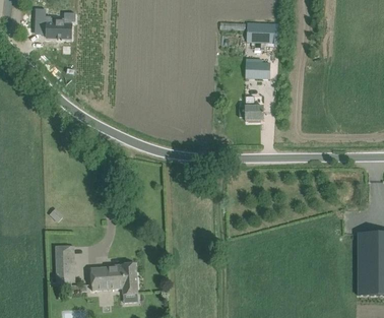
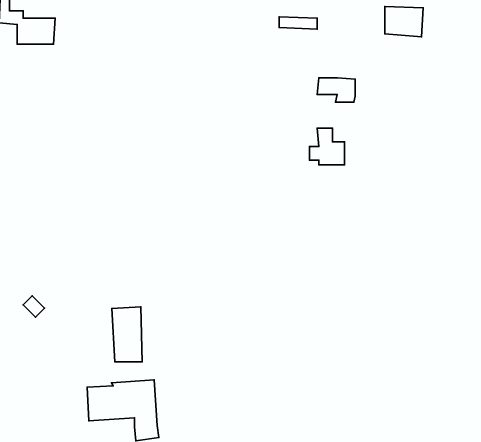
building: [249,22,274,43] -> [385,6,423,37]
building: [55,245,75,281] -> [112,307,142,362]

